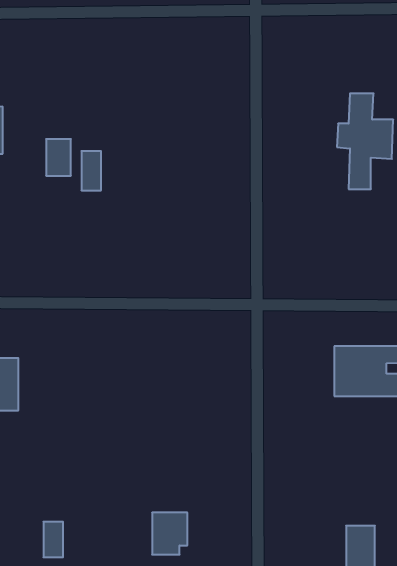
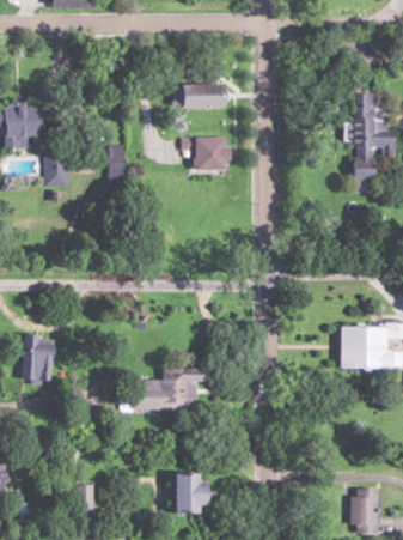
building: none -> [182,83,231,107]
building: [46,139,71,176] -> [44,152,67,186]
building: none -> [196,140,230,170]
building: none -> [127,366,208,406]

